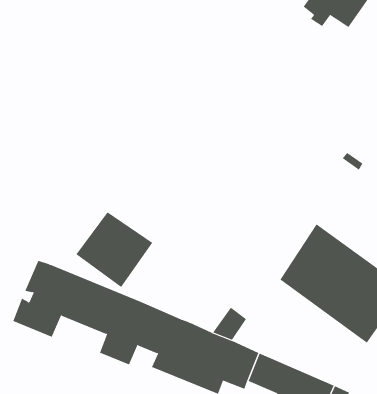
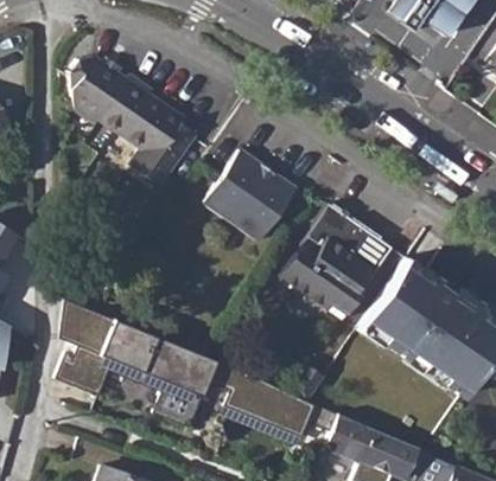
building: none -> [71,56,197,187]
building: none -> [280,204,392,319]
building: [76,211,153,288] -> [206,152,297,240]

